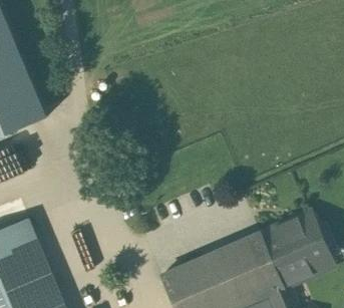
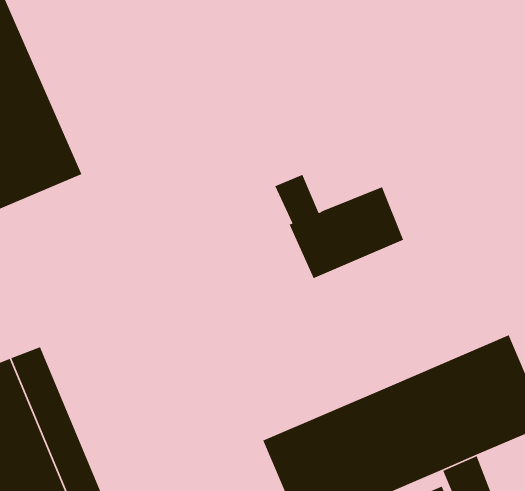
building: none -> [274,174,404,279]

